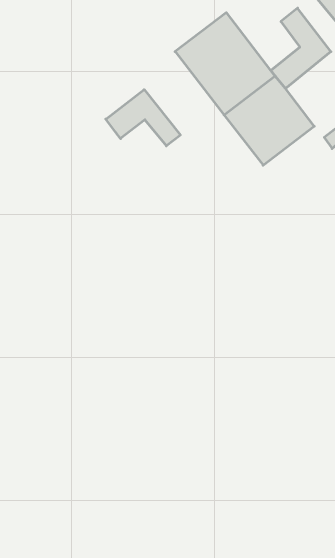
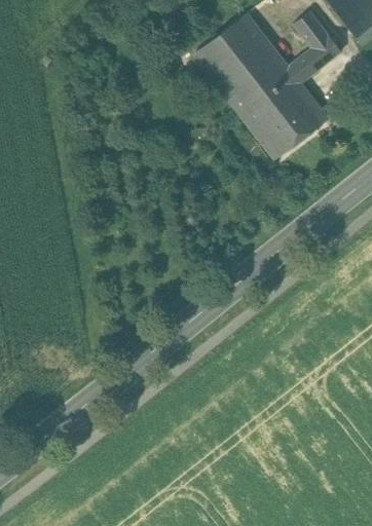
building: [106,90,180,146] -> none

